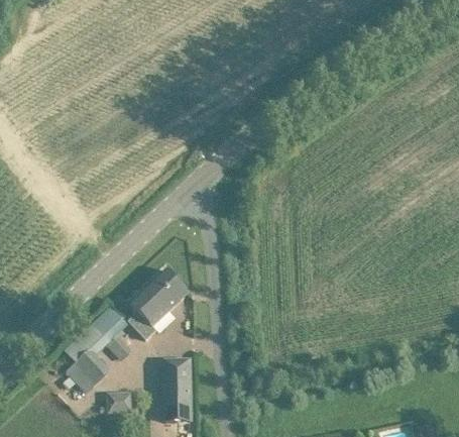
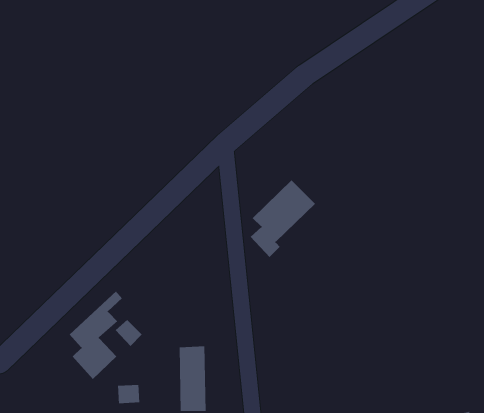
building: [127,268,188,340] -> [250,179,316,258]

